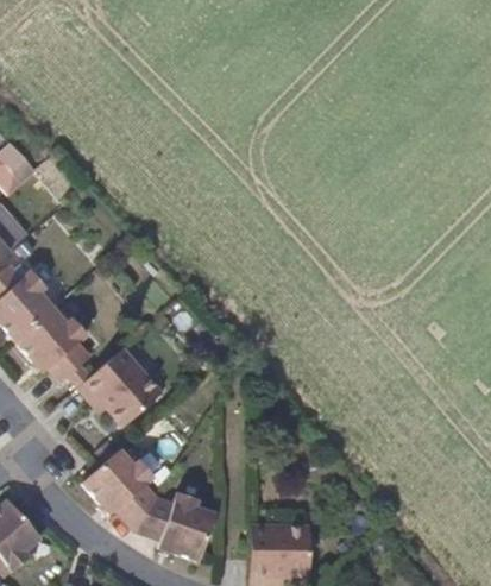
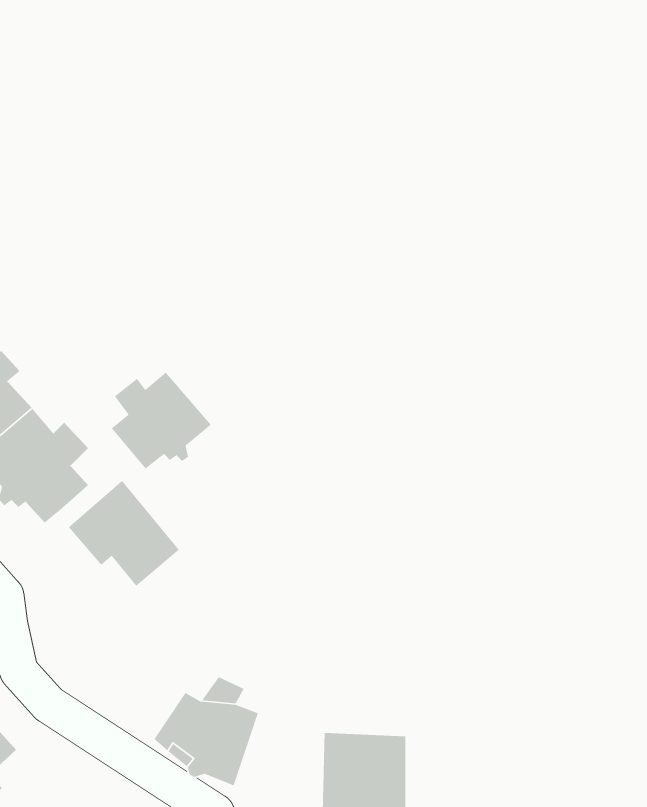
building: none -> [111,371,212,470]
building: [77,450,159,529] -> none

